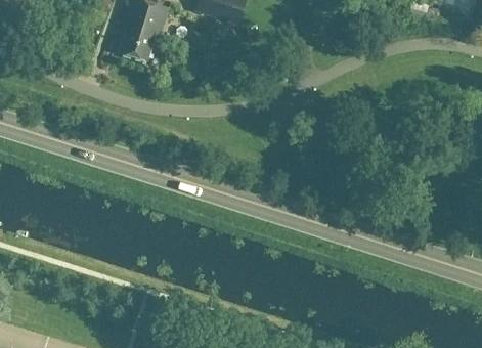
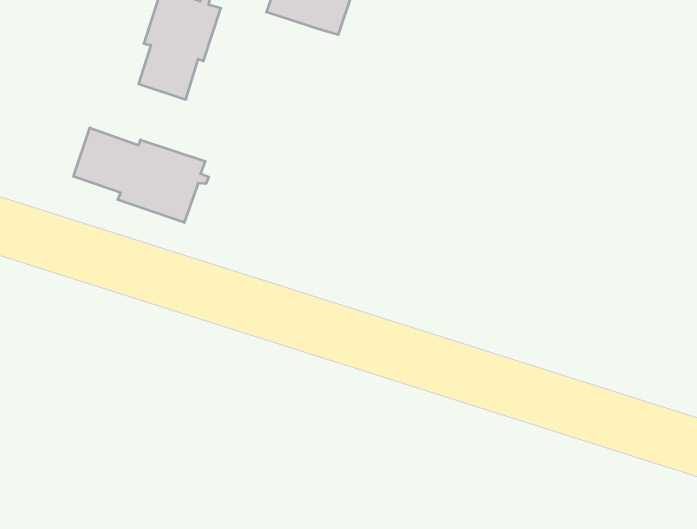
building: none -> [74,128,209,223]

